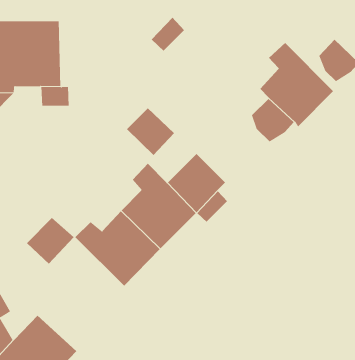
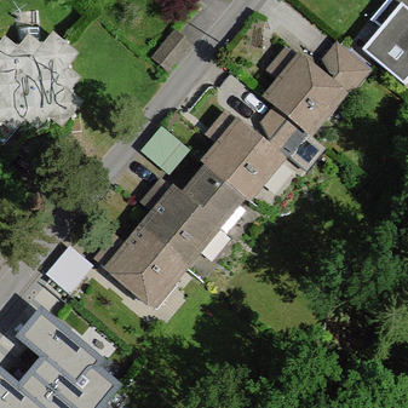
building: none -> [207,113,281,197]

